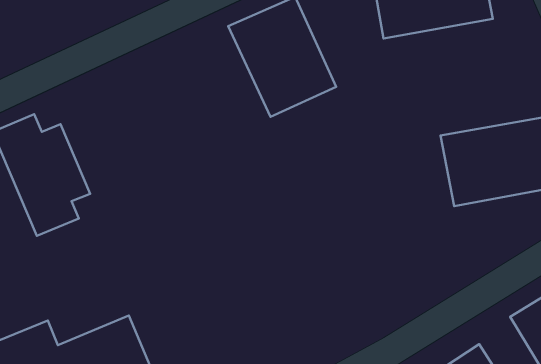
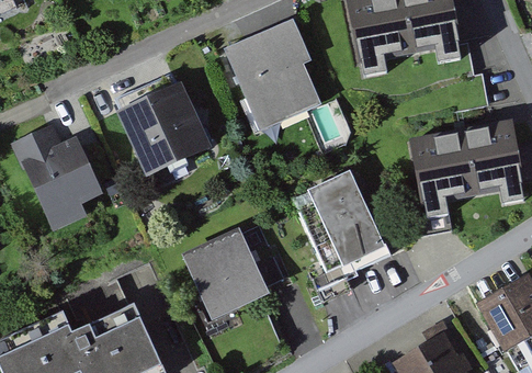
building: none -> [117,82,207,176]
building: none -> [306,171,384,270]
building: none -> [182,228,270,319]

